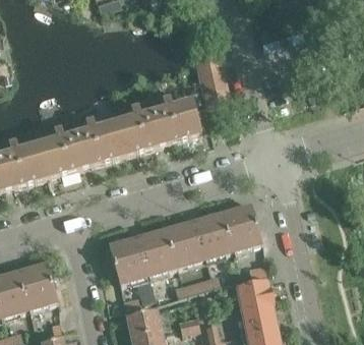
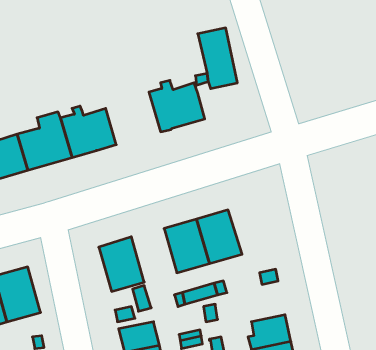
building: [115,109,163,156] -> none
building: [222,204,262,251] -> none
building: [137,229,177,276] -> none
building: [232,281,275,310] -> none

